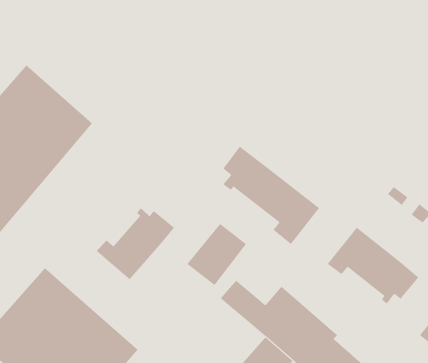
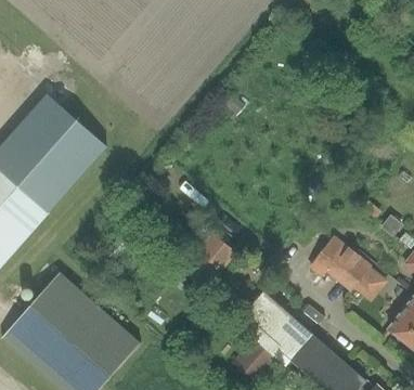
building: [223,146,320,245] -> none
building: [96,208,175,280] -> none

